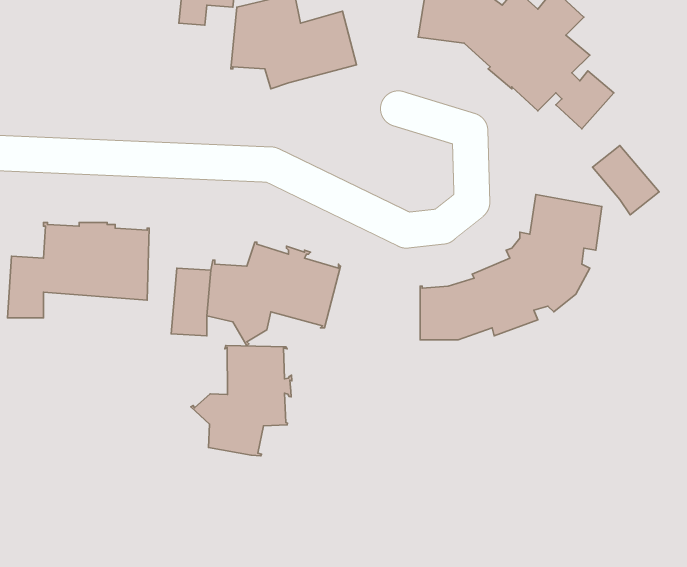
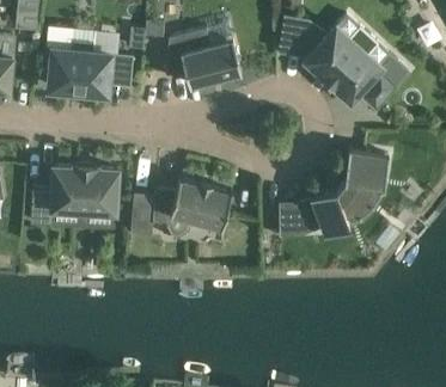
building: none -> [49,41,132,93]
building: [592,146,659,215] -> none
building: [191,345,292,456] -> none

